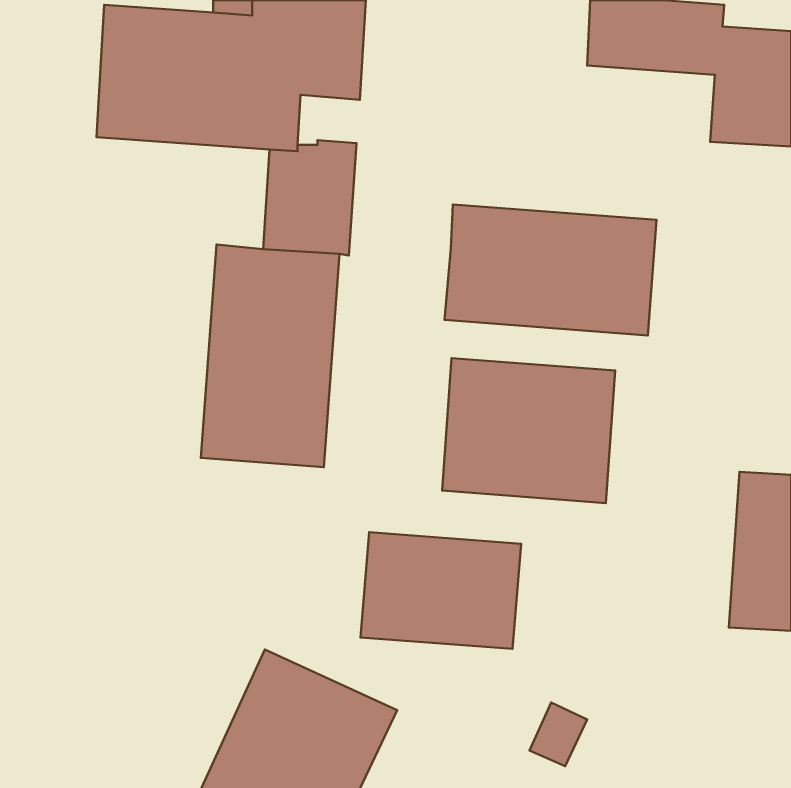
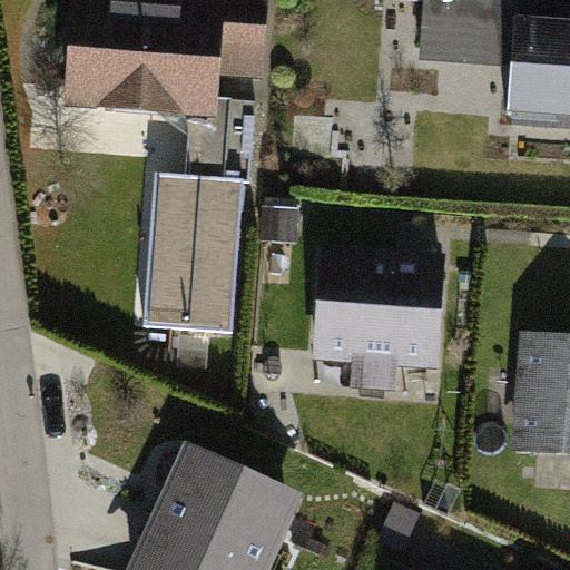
building: [444,204,656,335] -> none
building: [360,532,521,649] -> none

